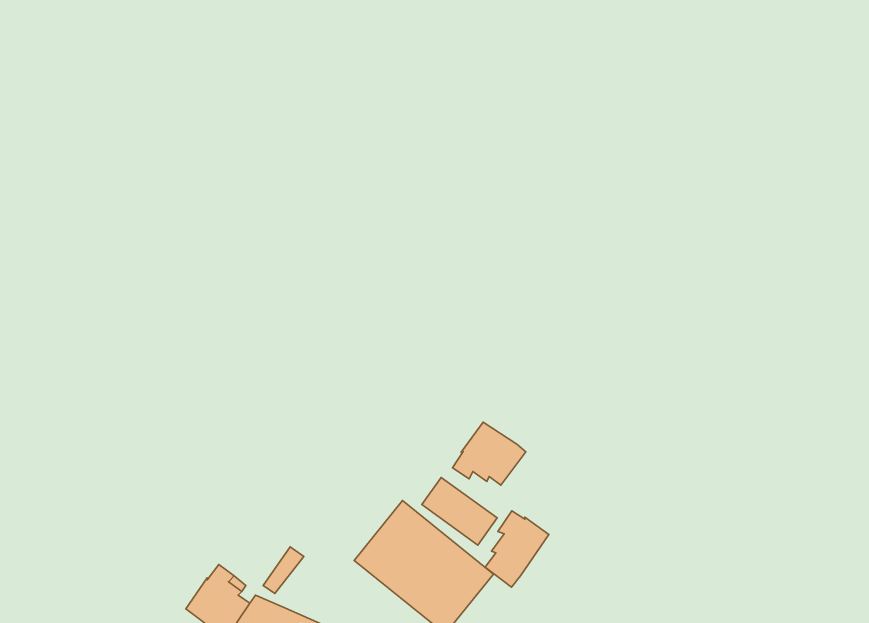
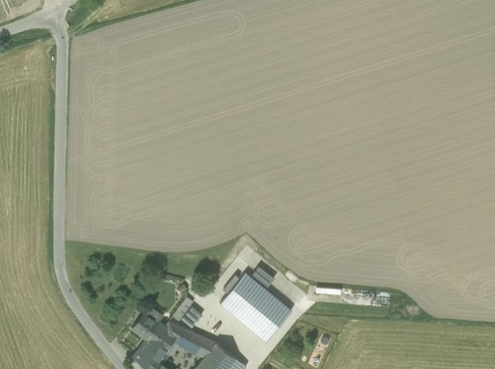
building: [453,422,526,485] -> none
building: [485,511,549,587] -> none

